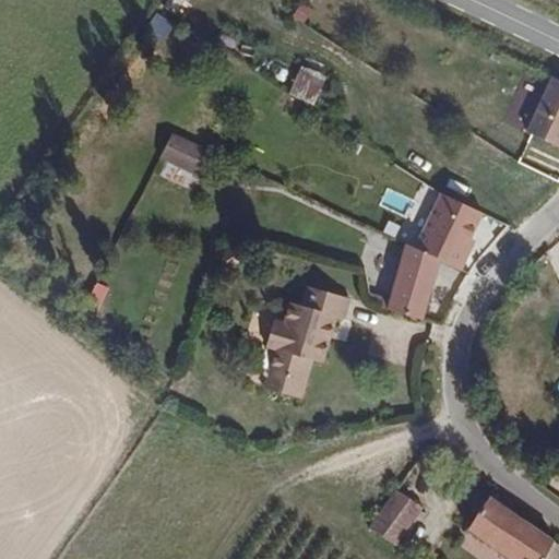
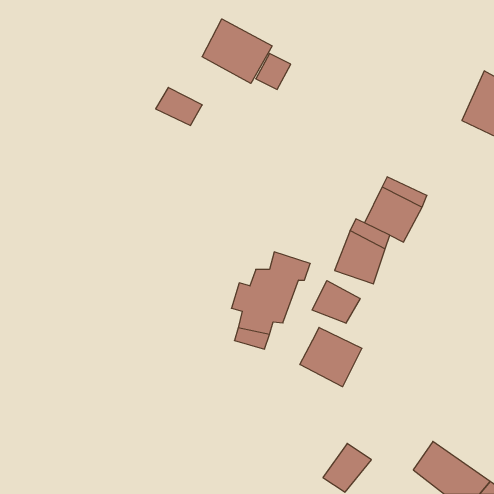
building: none -> [202,19,272,83]
building: [165,131,217,174] -> [156,87,202,125]
building: none -> [312,281,360,323]
building: none -> [300,327,362,387]

